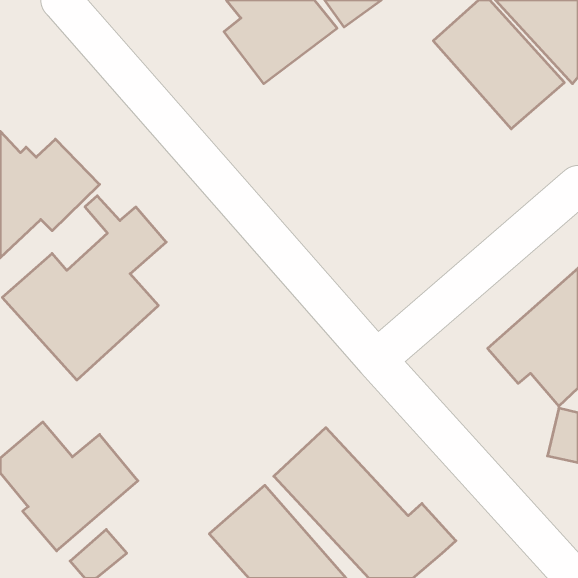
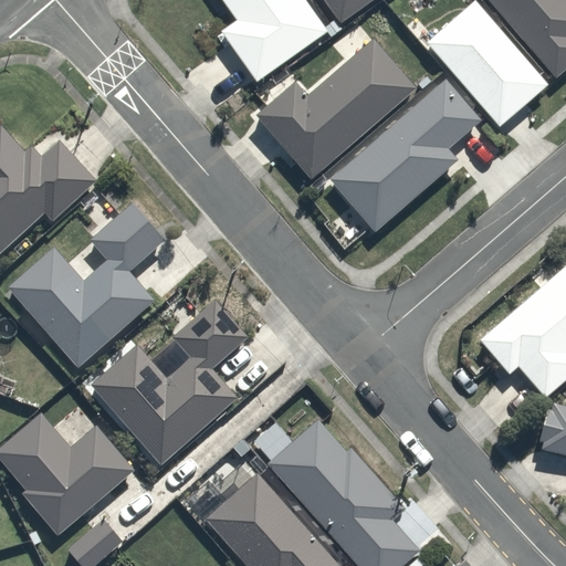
building: none -> [255,38,421,184]
building: none -> [329,82,481,237]
building: none -> [88,300,245,465]

